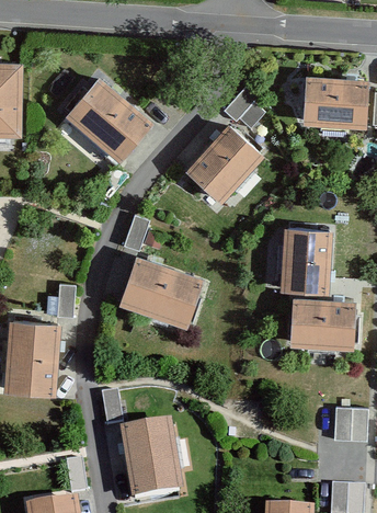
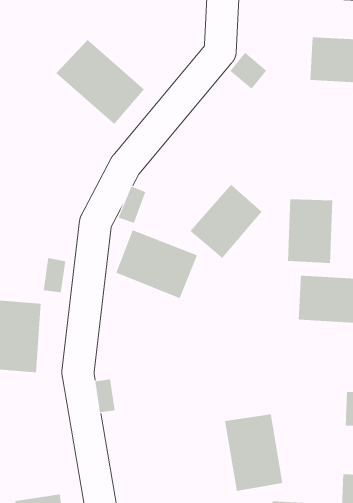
building: [188,126,256,196] -> [190,184,262,259]
building: [123,426,178,499] -> [224,414,283,491]

